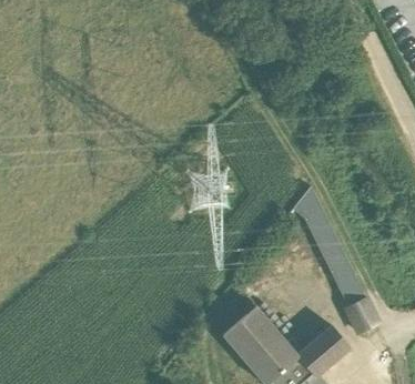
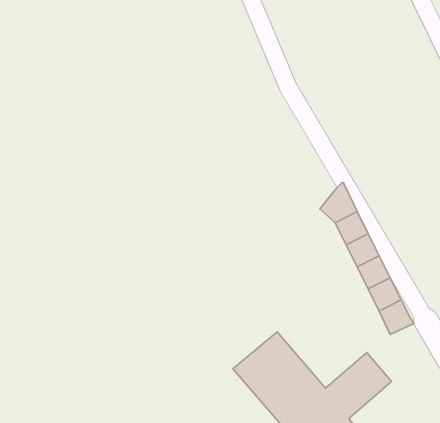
building: [346,300,379,333] -> none

